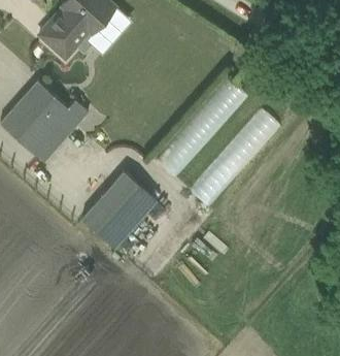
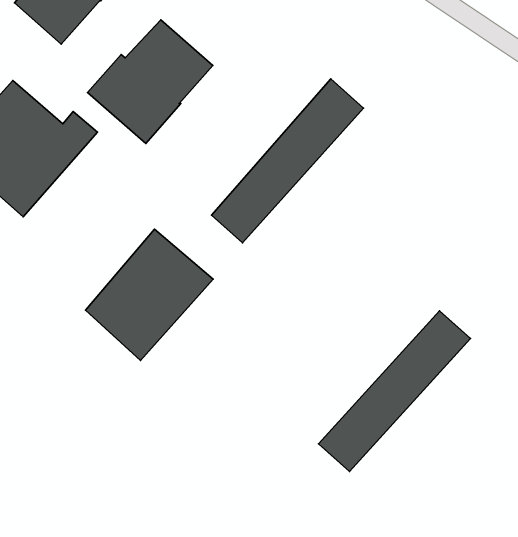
building: none -> [87,20,213,143]
building: [189,110,279,206] -> [319,311,471,471]

